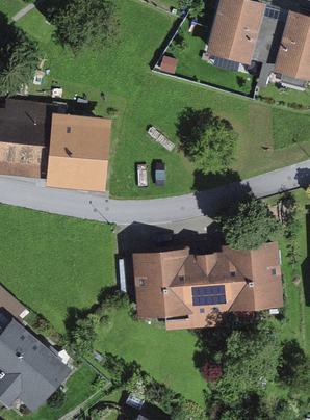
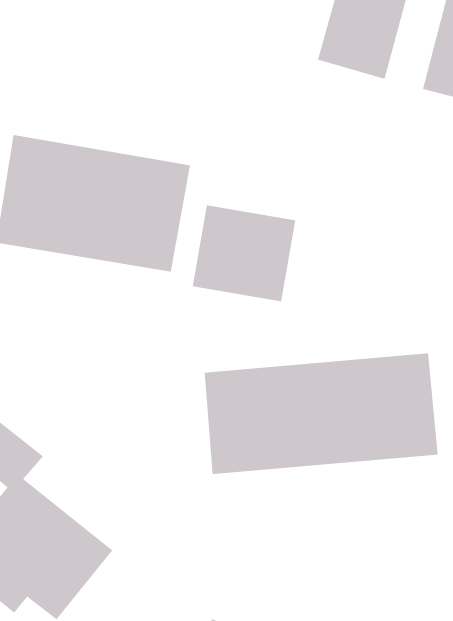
building: none -> [192,205,296,302]

